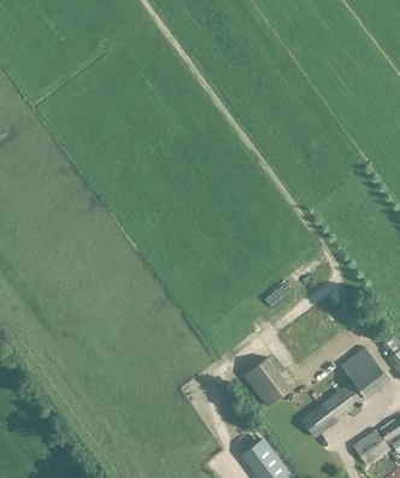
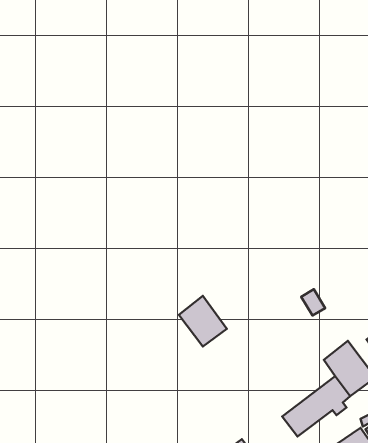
building: [245,358,290,406] -> [179,296,227,346]

